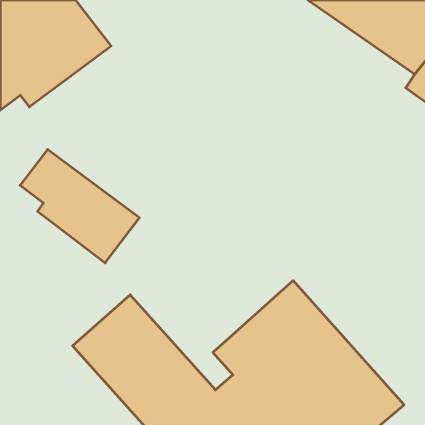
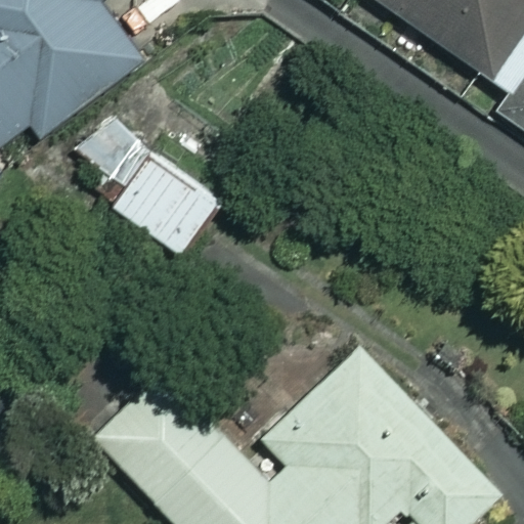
building: [20,149,139,263] -> [73,115,219,254]

